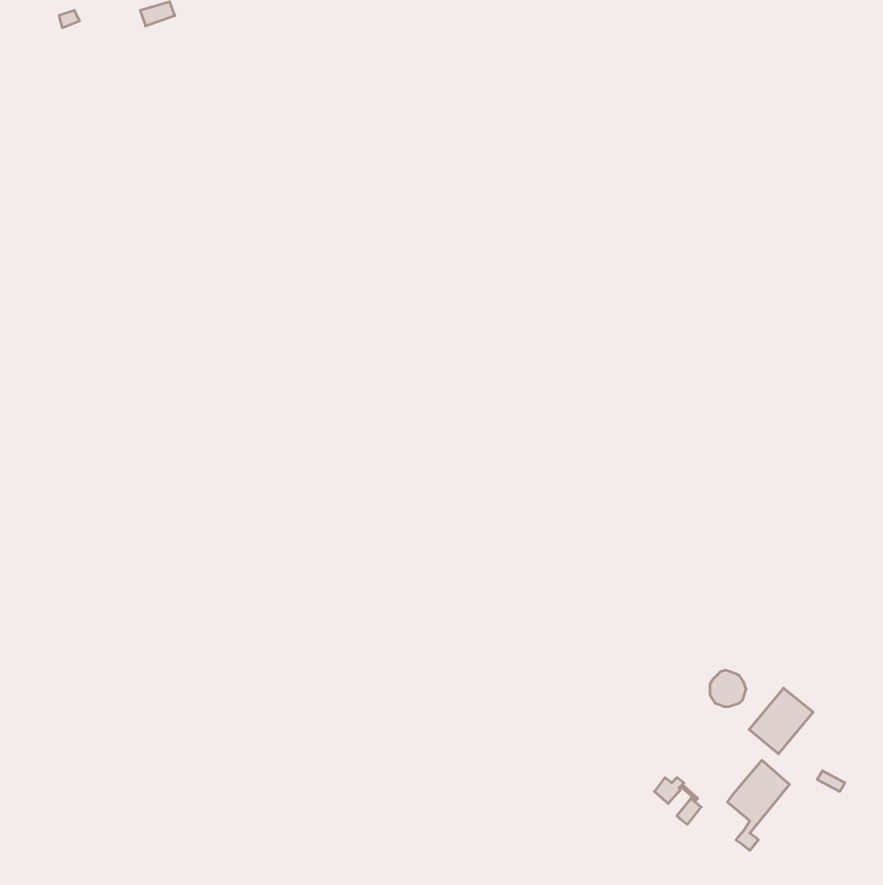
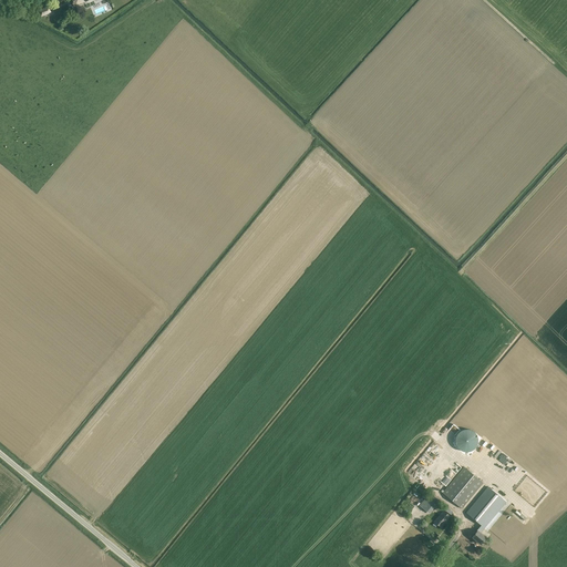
building: [749,688,813,754] -> [441,466,482,508]

